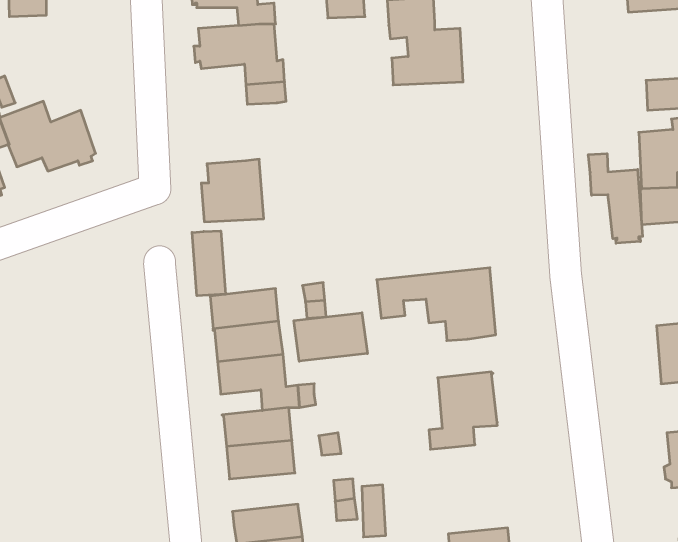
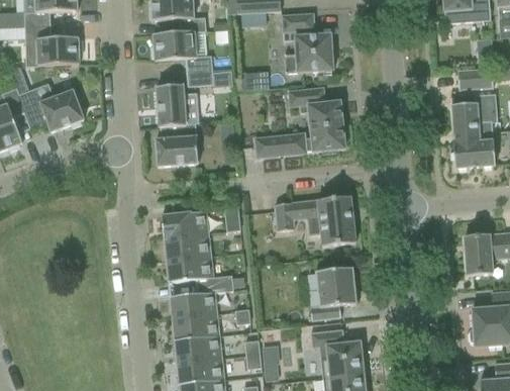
building: none -> [25,24,83,66]
building: none -> [157,84,199,126]
building: none -> [256,87,347,157]
building: [588,154,643,243] -> none
building: [192,231,225,296] -> none
building: [294,313,367,361] -> none
building: none -> [311,328,367,377]
building: none -> [175,335,221,362]

